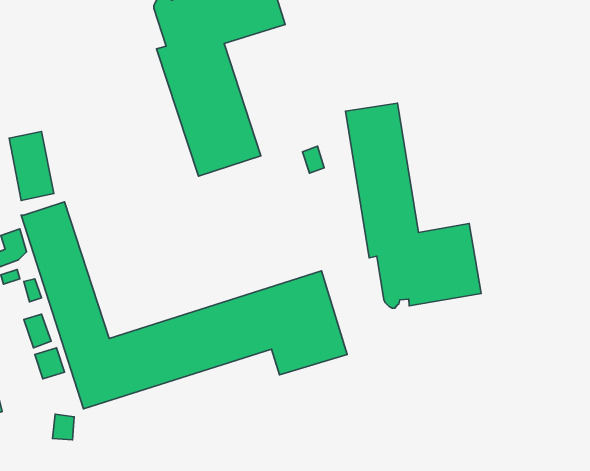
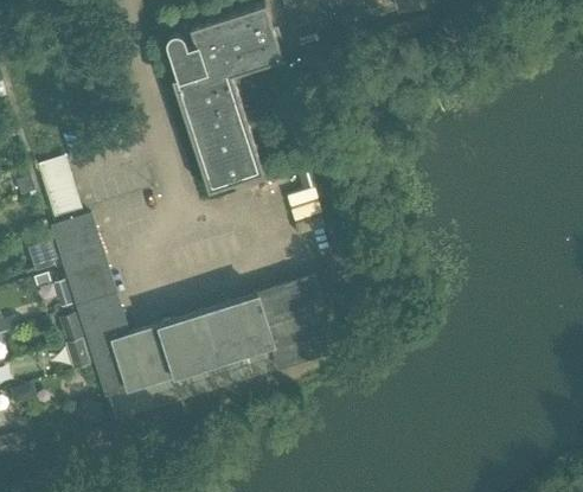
building: [346,103,481,308] -> none

